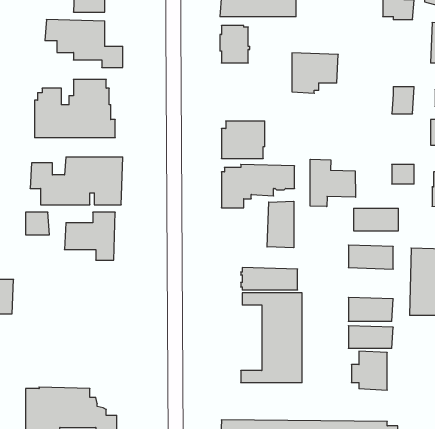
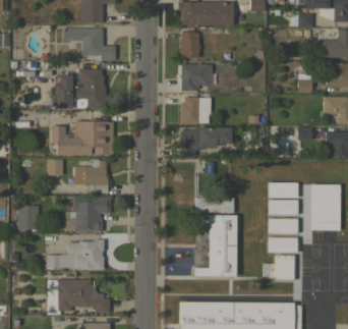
building: [292,53,338,93] -> [181,63,213,91]
building: [310,159,356,207] -> none
building: [267,201,294,248] -> none
building: [354,208,398,231] -> [268,199,298,214]
building: none -> [66,196,111,231]
building: none -> [47,238,104,269]

